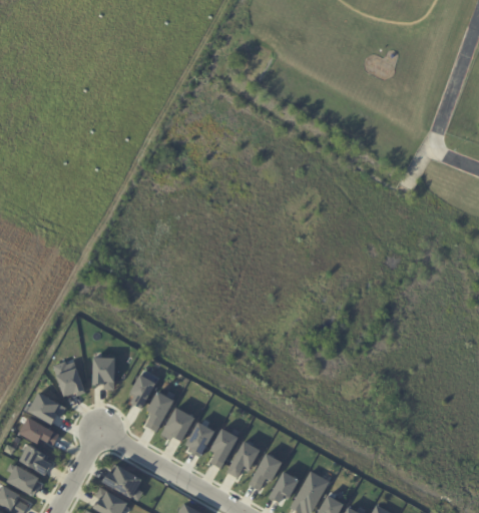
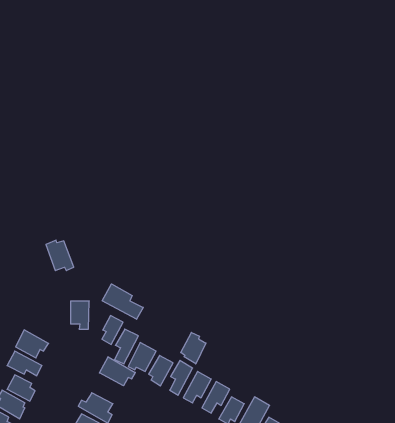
building: none -> [102,284,143,319]
building: [53,361,86,397] -> [46,240,74,271]
building: none -> [181,332,206,364]
building: none -> [99,357,135,386]

